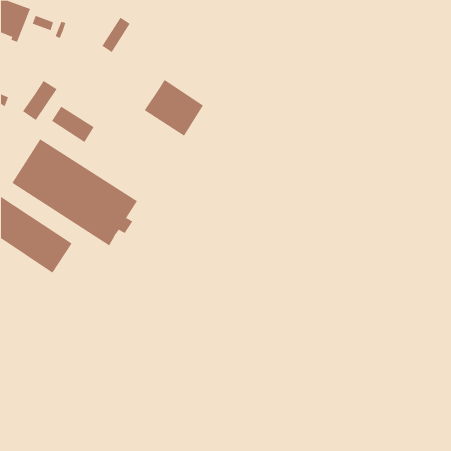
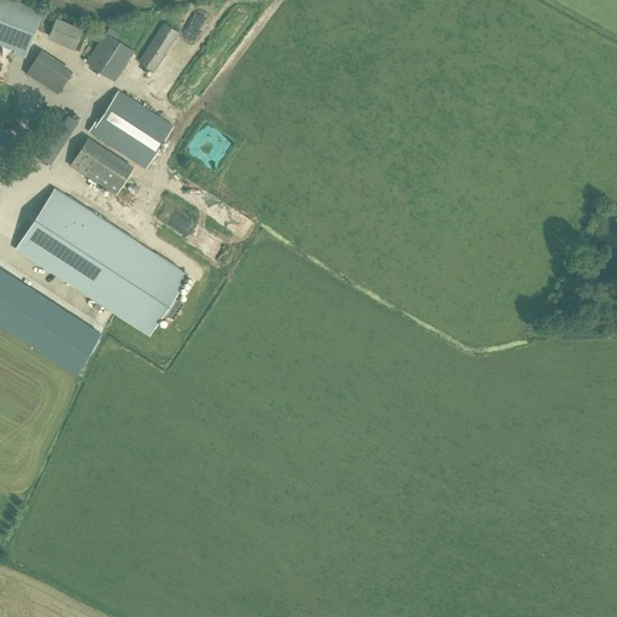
building: none -> [86,28,134,82]
building: none -> [20,51,67,93]
building: [144,79,204,137] -> [90,90,172,169]

